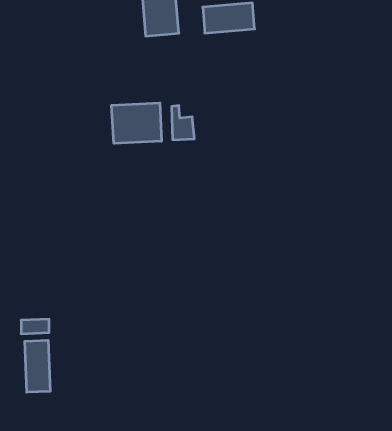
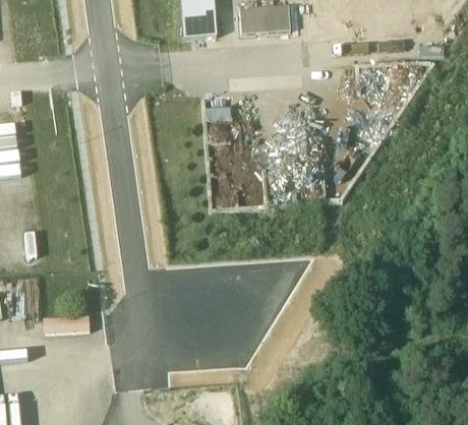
building: [112,103,161,143] -> none
building: [25,340,50,392] -> none

